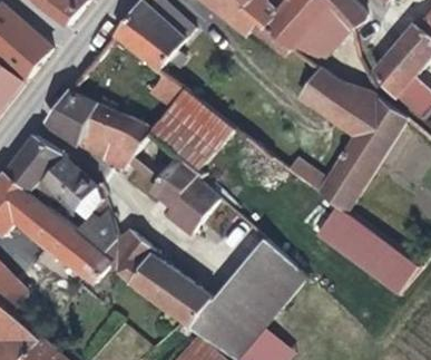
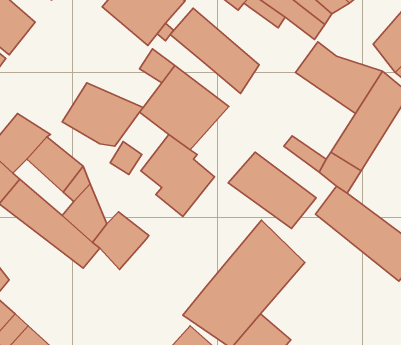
building: none -> [170,8,259,93]
building: [46,89,99,143] -> none
building: [130,254,214,327] -> [228,152,316,228]

